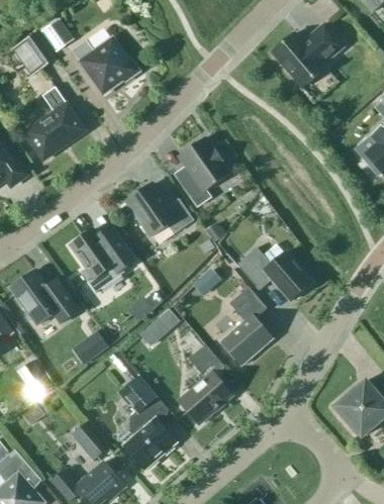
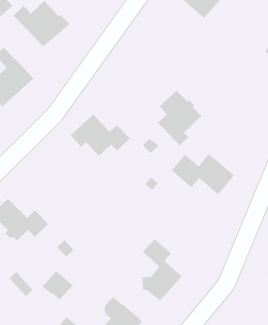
building: [174,137,229,206] -> [157,90,202,146]
building: [69,225,134,293] -> none
building: [219,287,271,366] -> none
building: [139,309,178,346] -> none
building: [117,377,156,413] -> [42,270,73,300]

